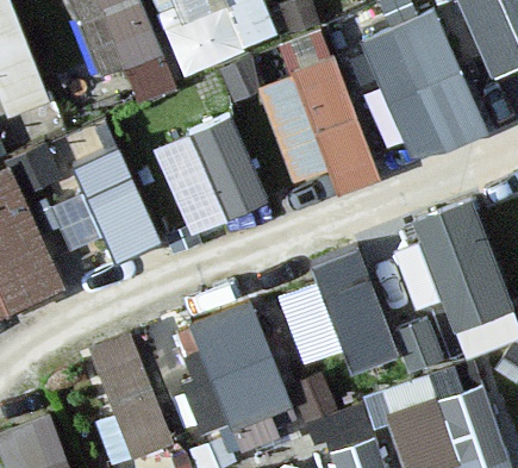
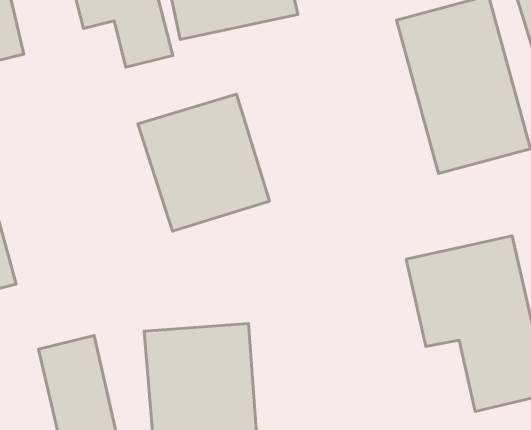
building: [255,56,377,194] -> none
building: [73,146,163,262] -> none
building: [276,257,397,376] -> none

